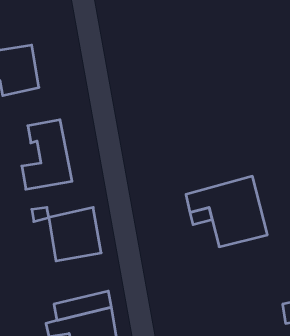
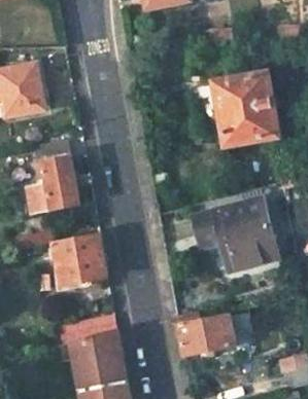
building: none -> [190,75,277,146]
building: none -> [177,316,233,355]

